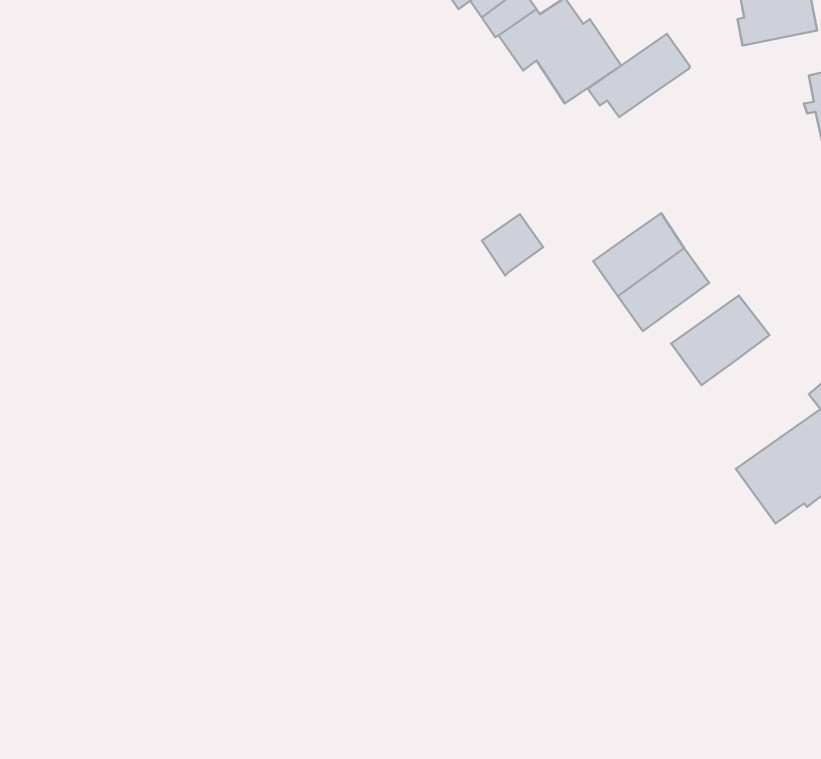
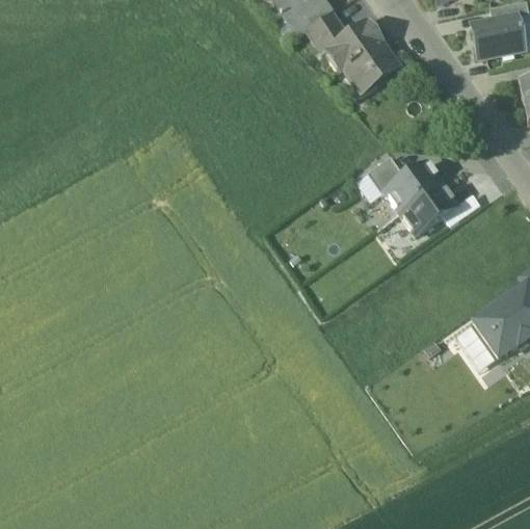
building: [588,34,690,117] -> none
building: [482,214,543,275] -> [367,156,405,194]
building: [671,295,769,385] -> none

